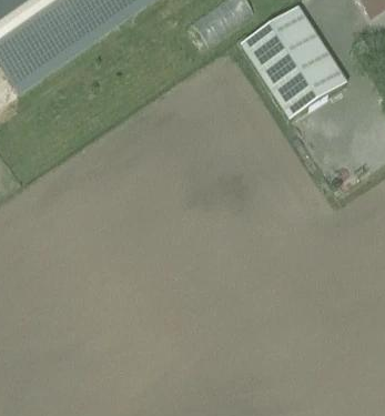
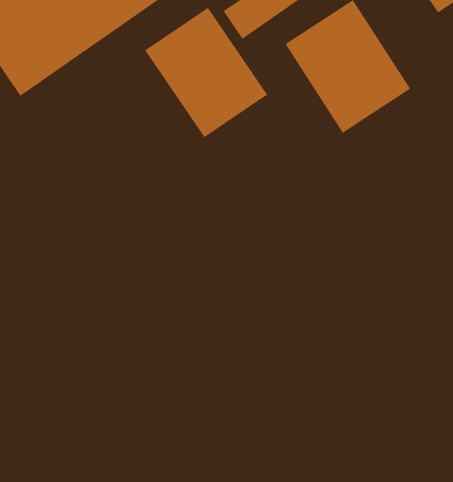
building: none -> [144,7,268,138]

